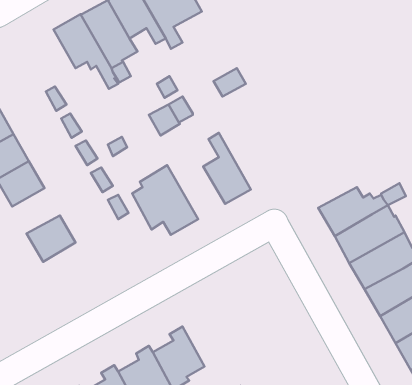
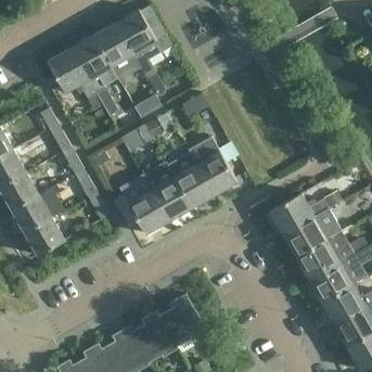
building: none -> [185,142,236,195]
building: none -> [142,162,191,220]
building: none -> [12,191,52,232]
building: none -> [155,294,203,347]

